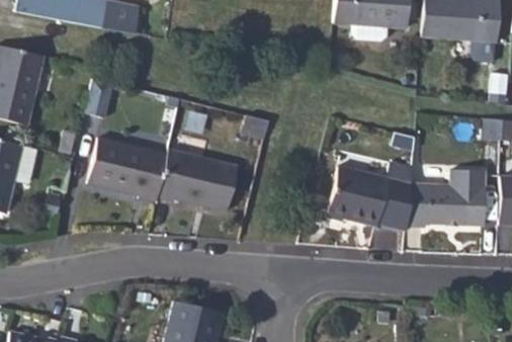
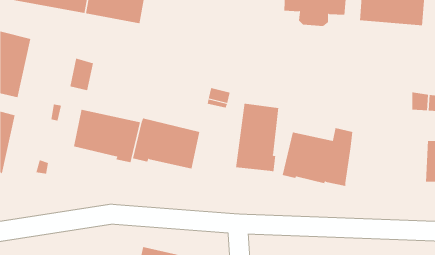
building: none -> [236,103,279,172]
building: [408,170,487,226] -> none

